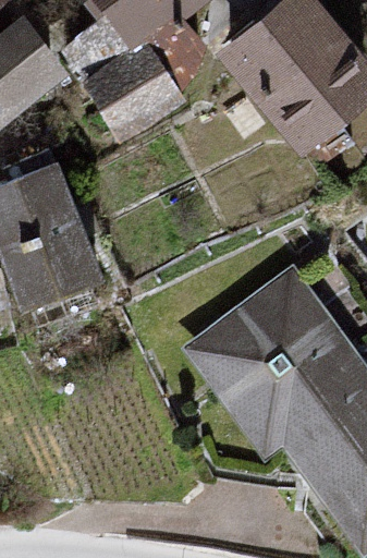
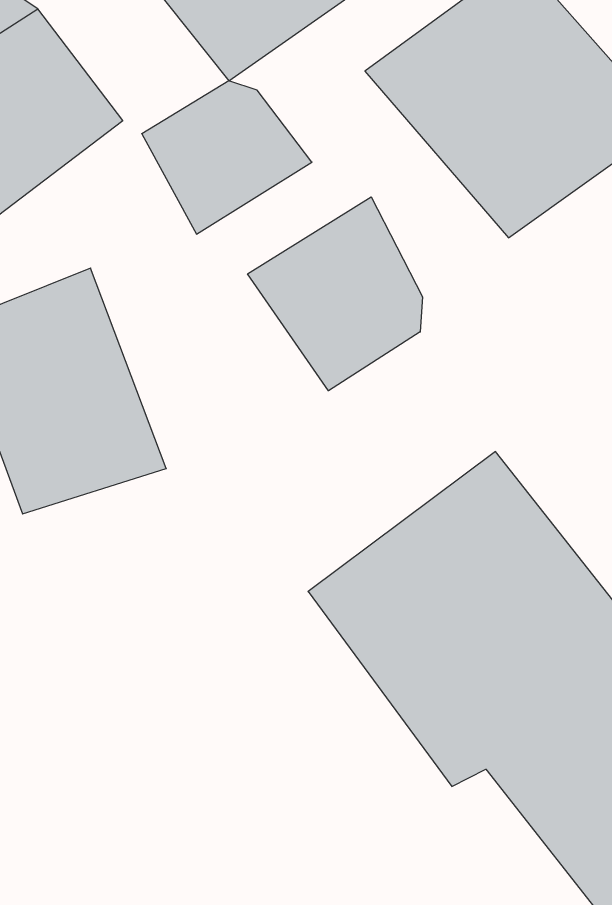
building: none -> [248,197,422,391]

